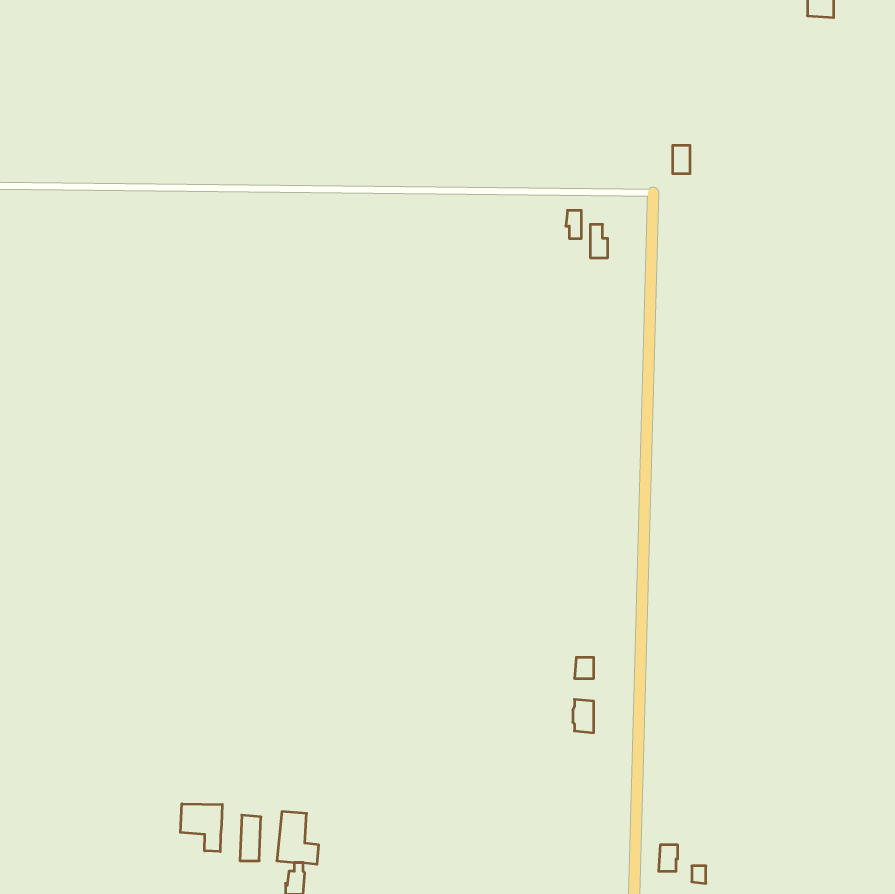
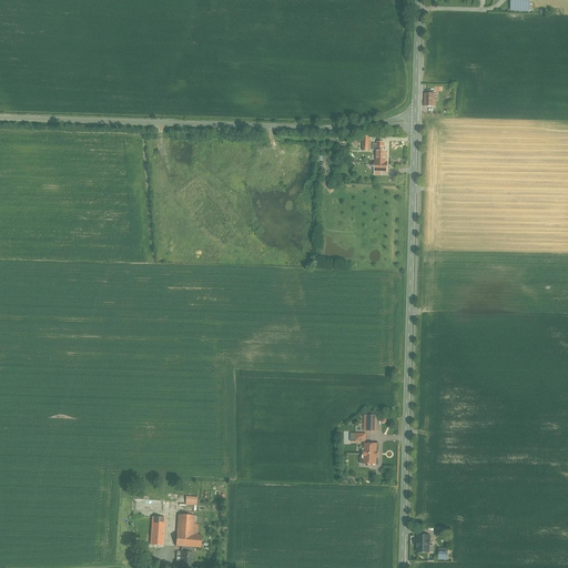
building: [180,804,222,852] -> none

